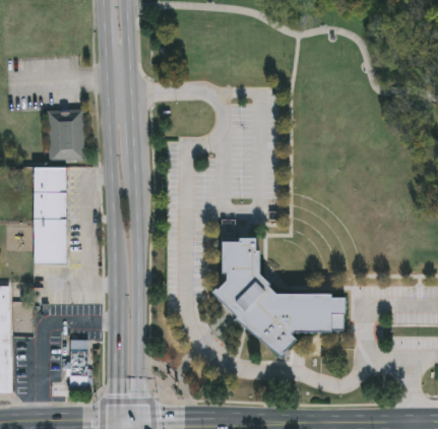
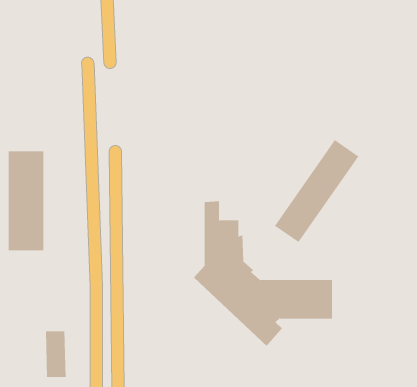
building: [48,111,83,161] -> none
building: none -> [274,139,359,243]

